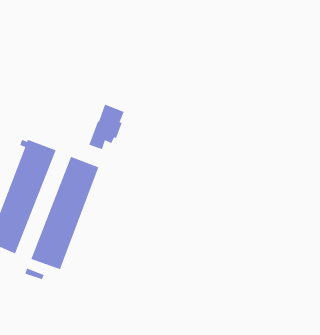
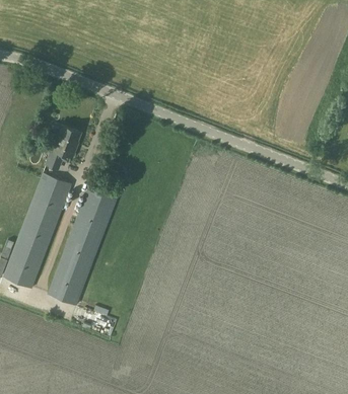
building: [89,104,124,150] -> [45,124,81,170]

